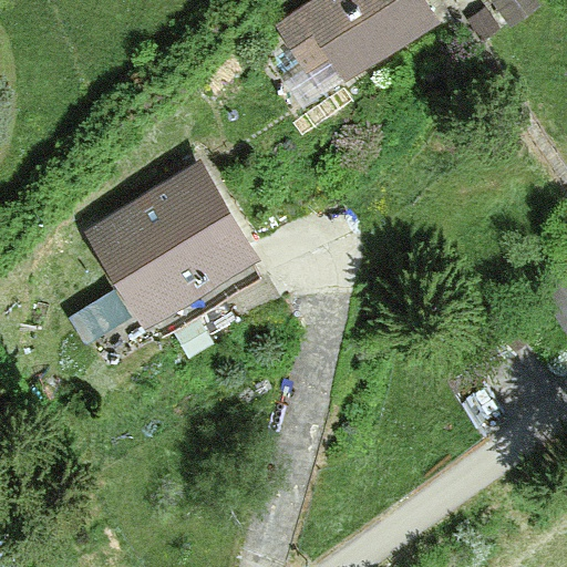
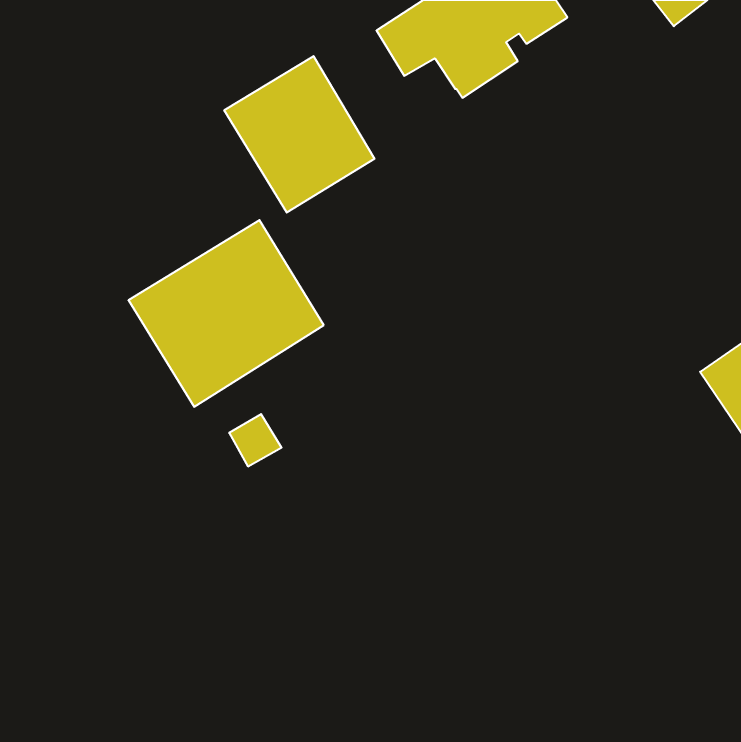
building: none -> [224,56,374,213]

